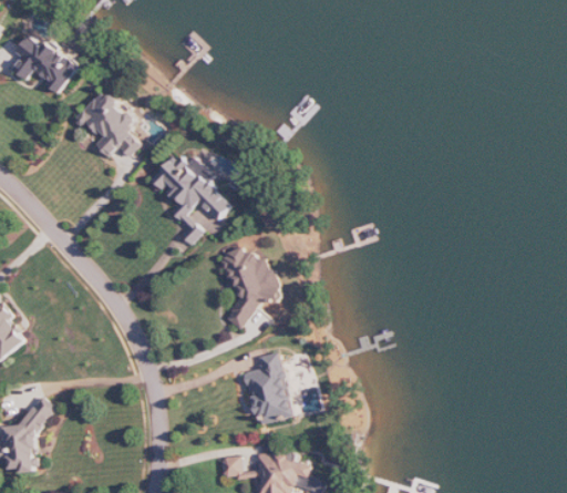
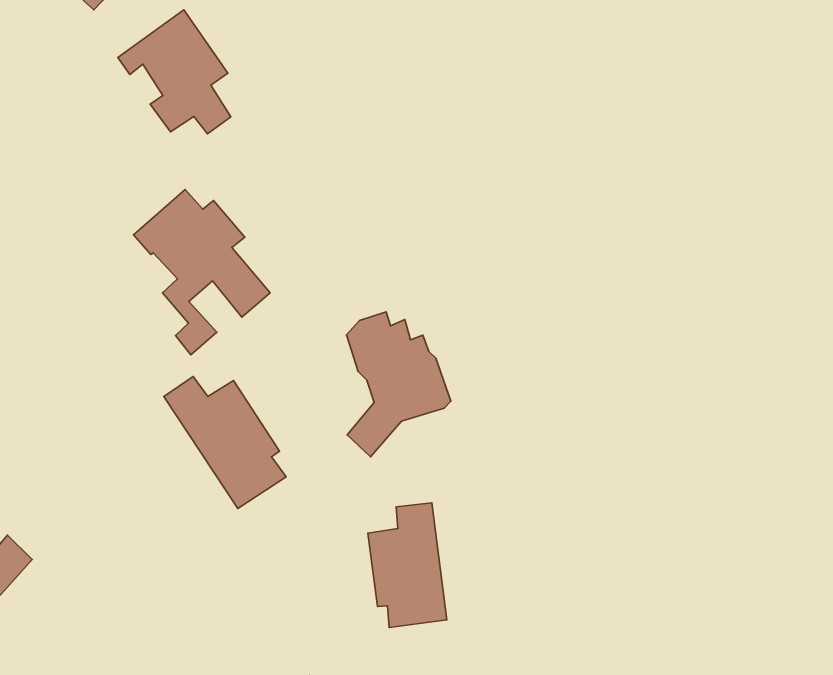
building: [150,152,230,245] -> [133,190,270,355]
building: none -> [164,376,286,509]

